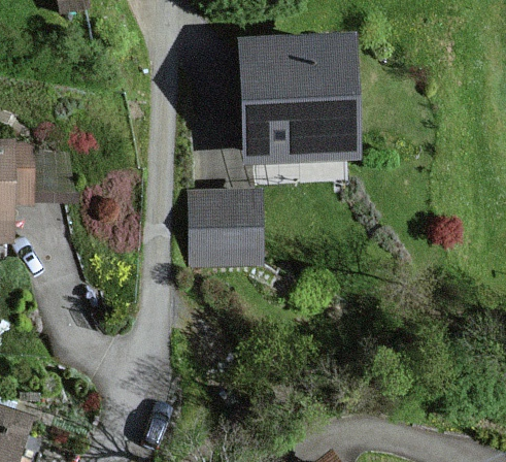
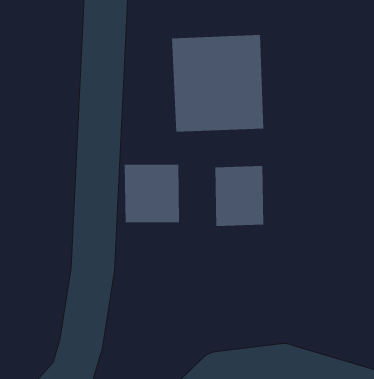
building: none -> [215,165,264,227]

